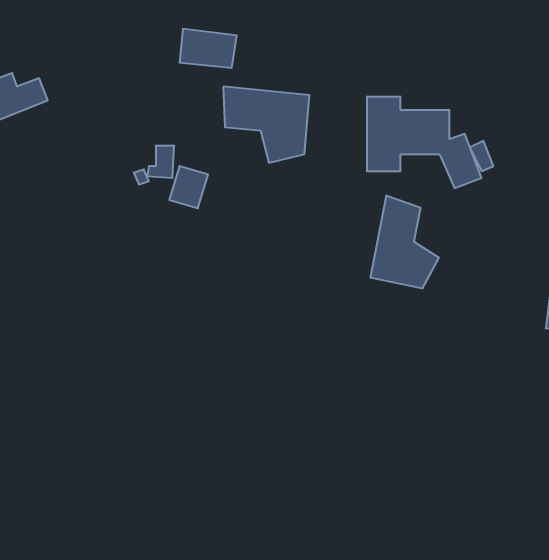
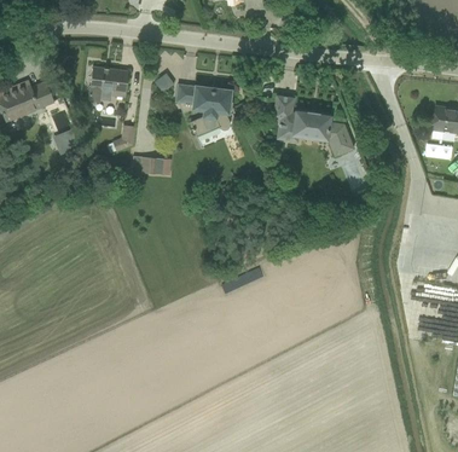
building: [179,29,237,68] -> [88,66,129,94]
building: [371,195,439,288] -> none

